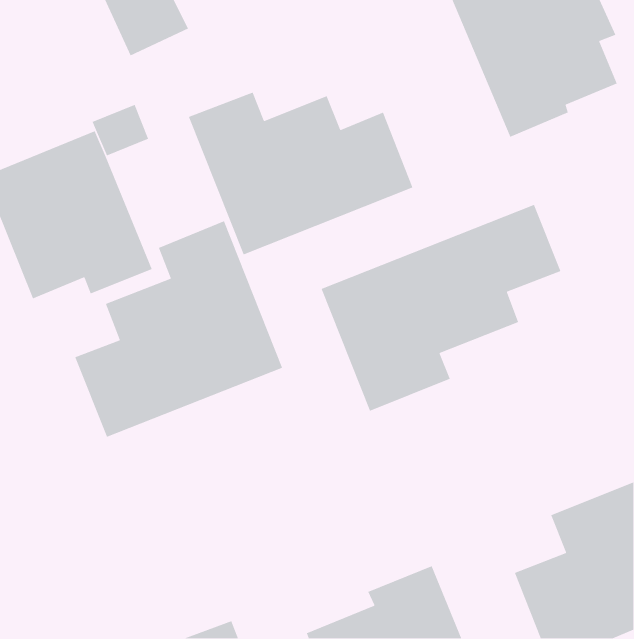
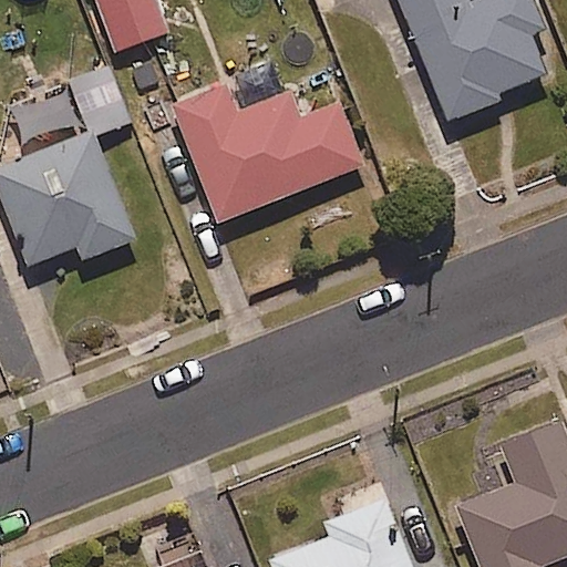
building: [321,204,562,412] -> none
building: [74,220,283,438] -> none

